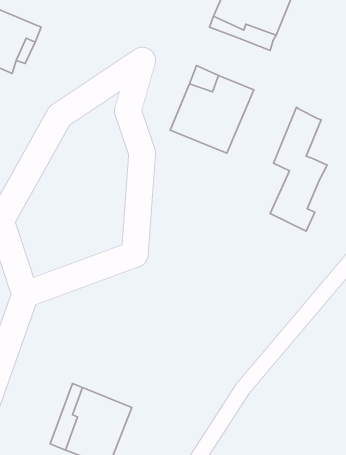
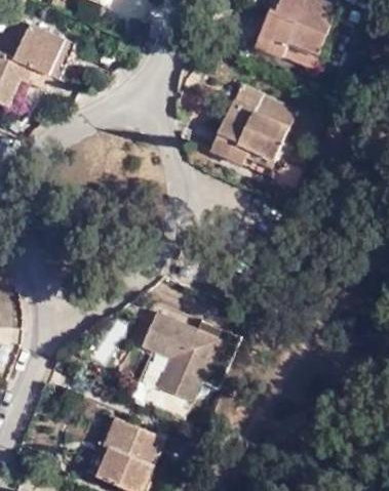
building: [270,107,327,231] -> none
building: none -> [138,306,219,398]

